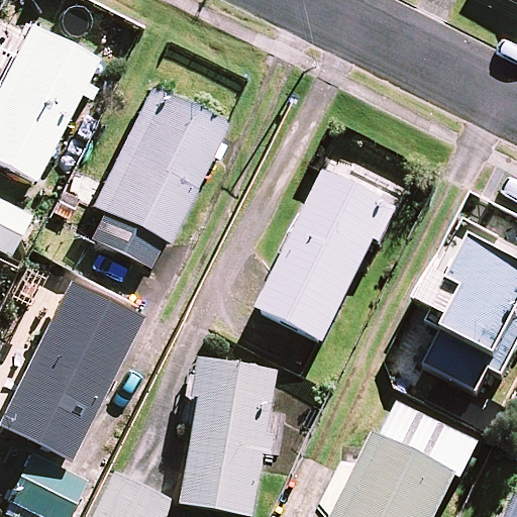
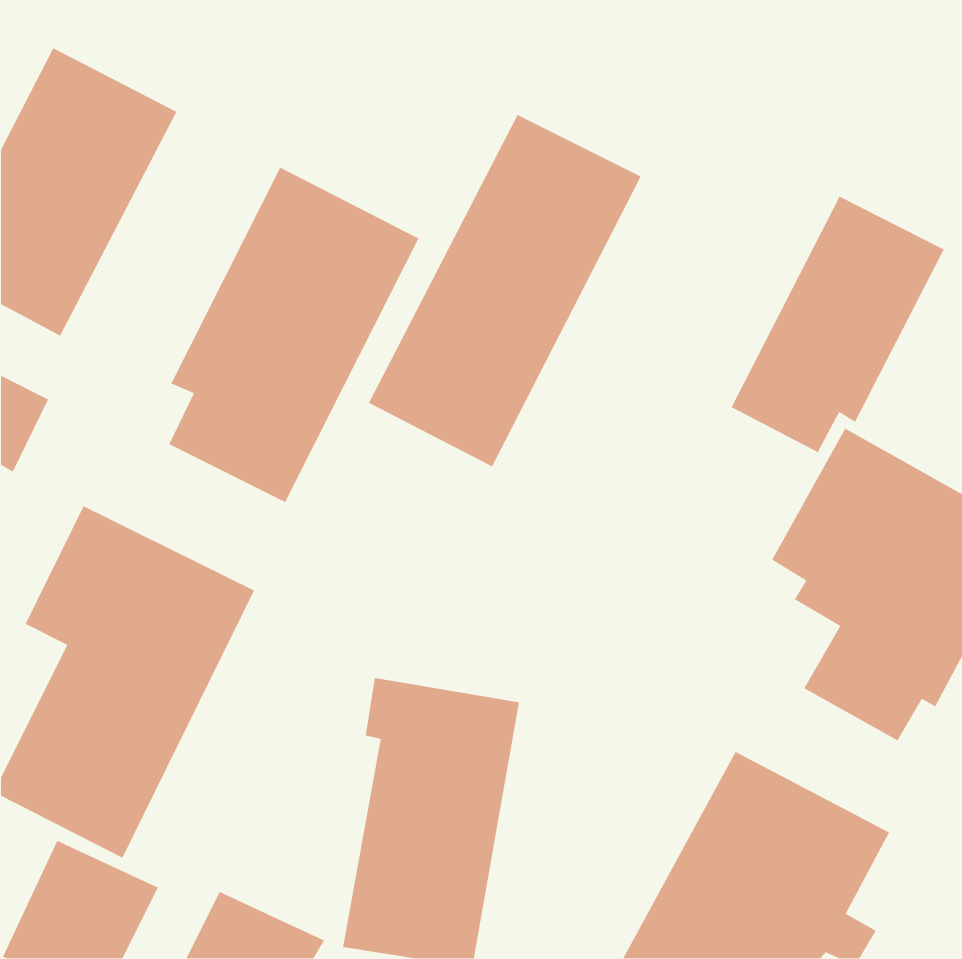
building: none -> [730,196,945,453]
building: [258,153,405,342] -> [368,114,642,468]

